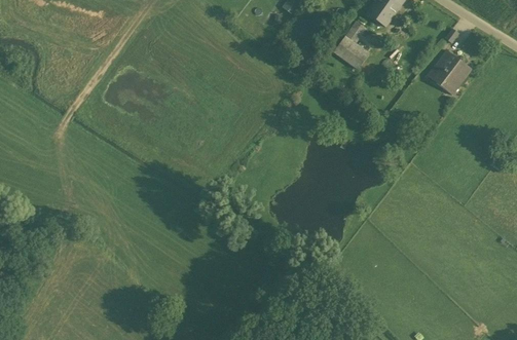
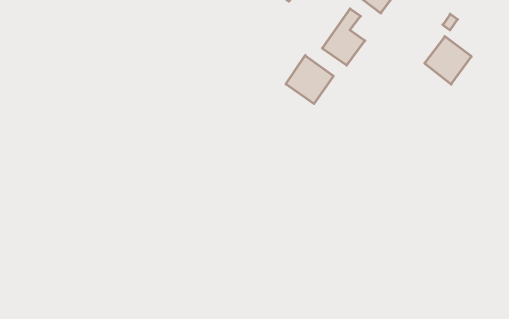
building: none -> [286,55,333,104]

